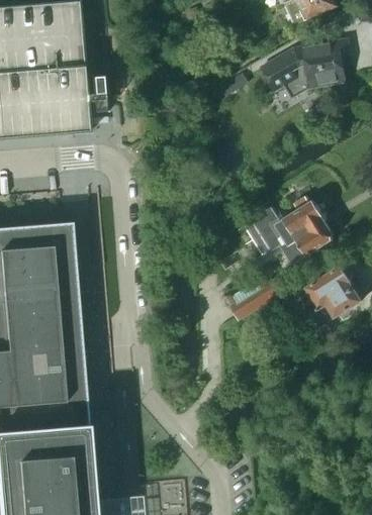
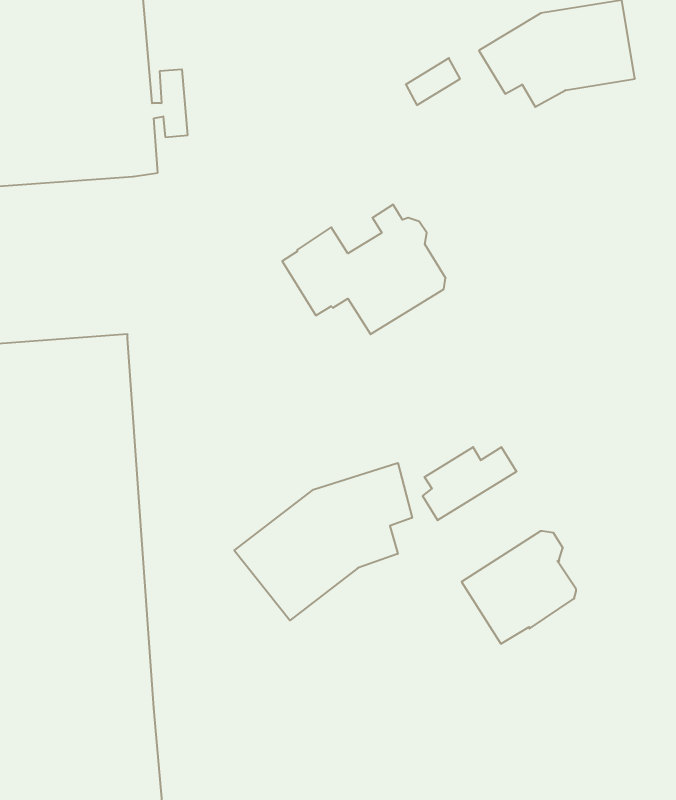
building: [246,196,334,266] -> [282,205,446,334]
building: [299,267,361,327] -> [462,531,576,644]
building: none -> [234,463,412,620]

